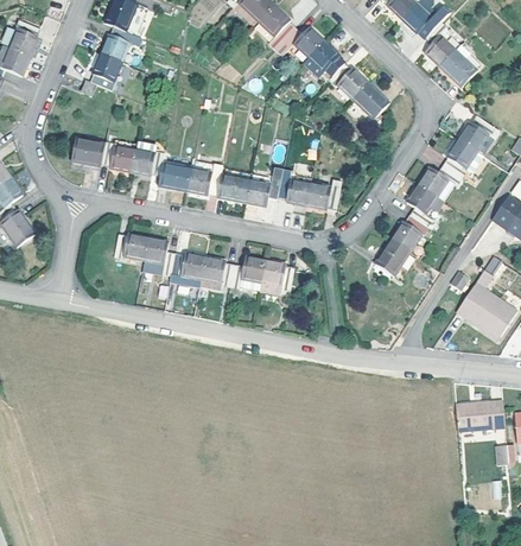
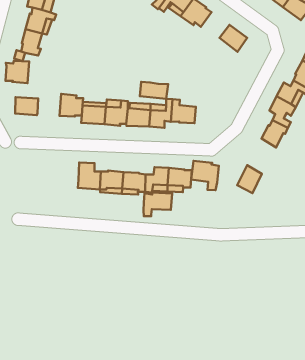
building: [331,62,369,97] -> none
building: [101,140,135,172] -> [6,61,29,83]
building: none -> [140,82,168,99]
building: [306,179,342,210] -> none
building: [113,233,147,260] -> none
building: [375,237,409,275] -> [237,165,262,193]
building: none -> [191,161,219,190]
building: none -> [144,193,172,216]

